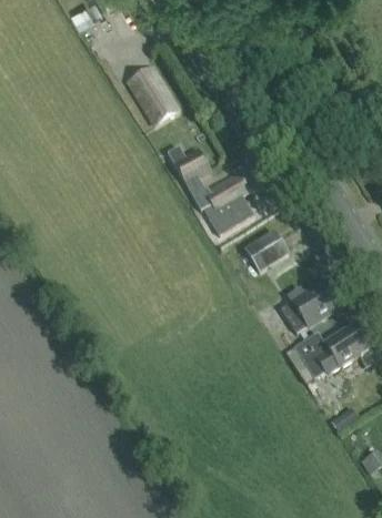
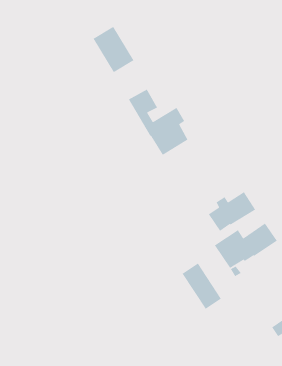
building: [242,228,289,273] -> none
building: none -> [182,262,222,310]

